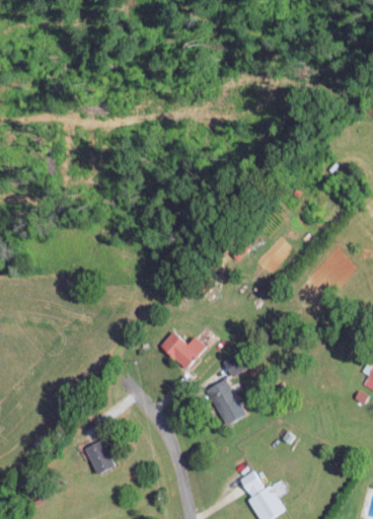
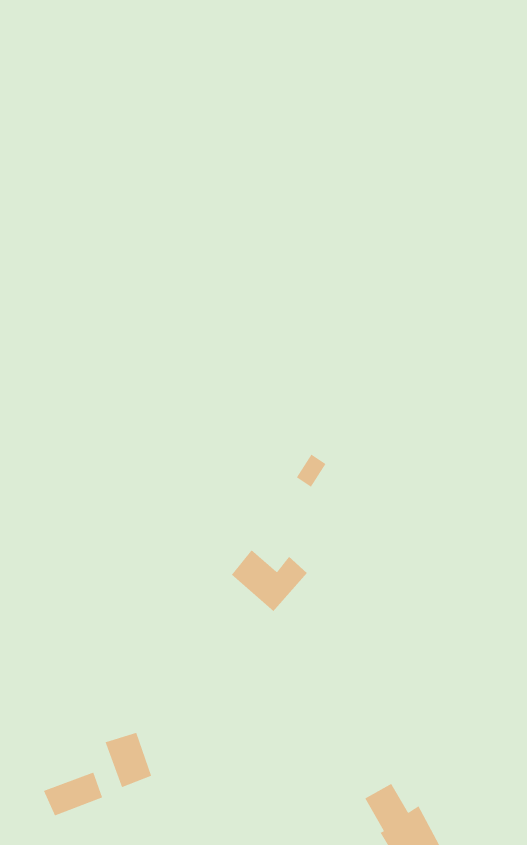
building: [207,378,247,425] -> none
building: none -> [43,771,103,817]

